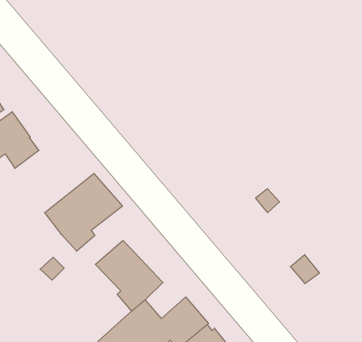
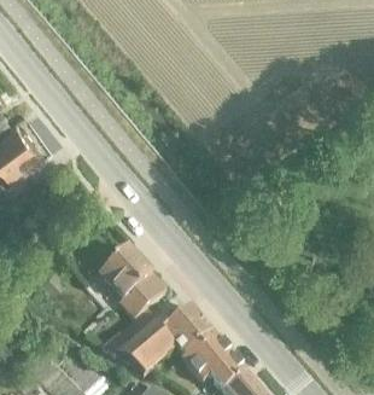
building: [45,173,122,251] -> none

